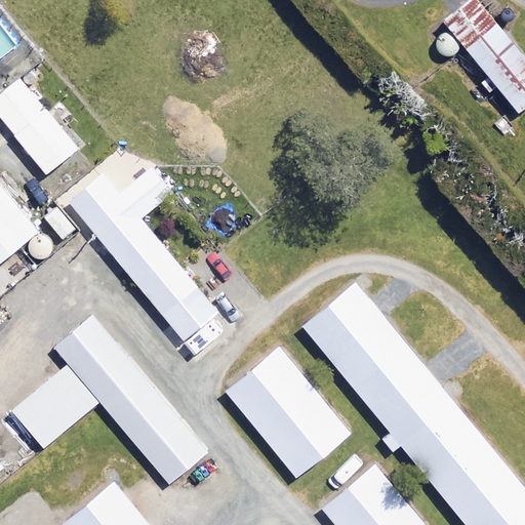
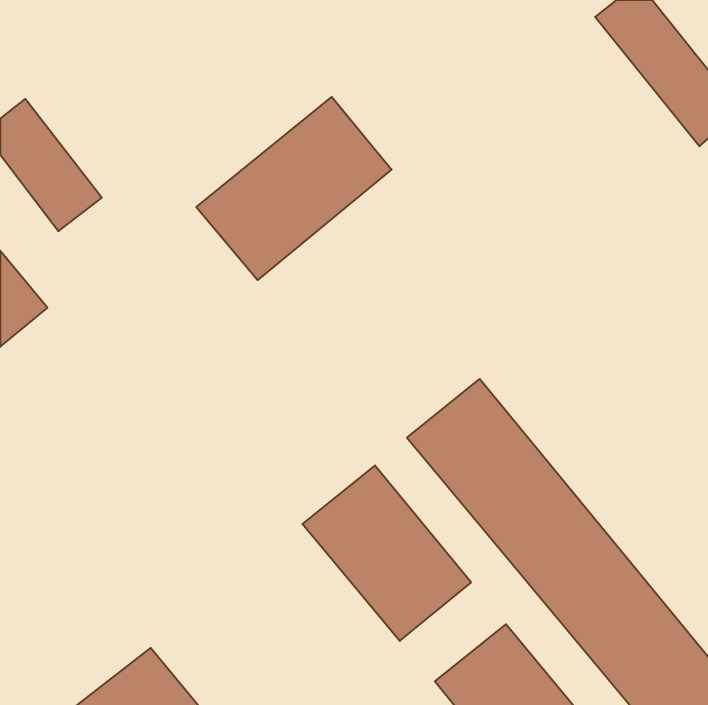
building: none -> [196,97,392,280]
building: [69,168,218,341] -> none
building: [13,316,208,485] -> none

